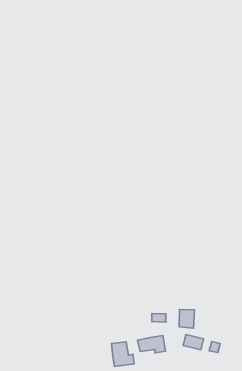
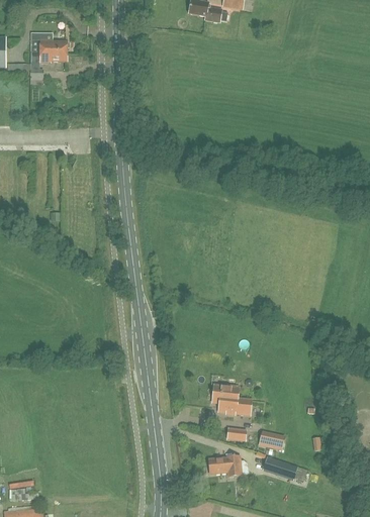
building: none -> [213,384,251,413]
building: [111,342,134,367] -> none

